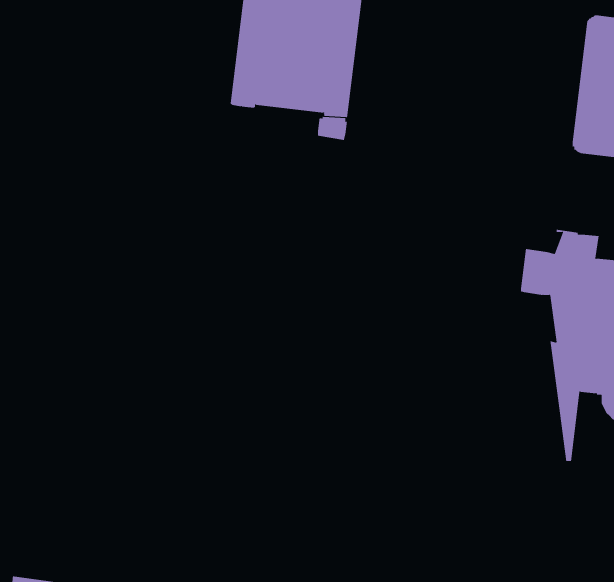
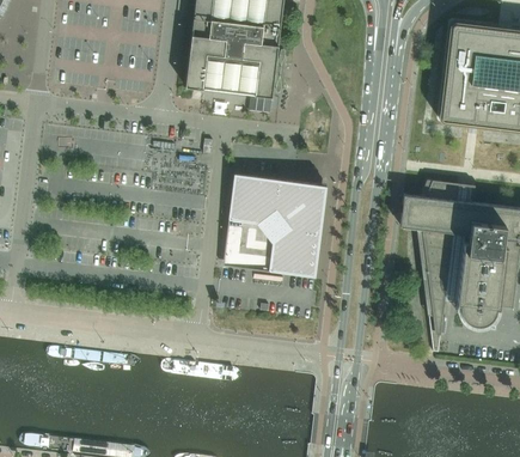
building: none -> [222,173,326,278]

